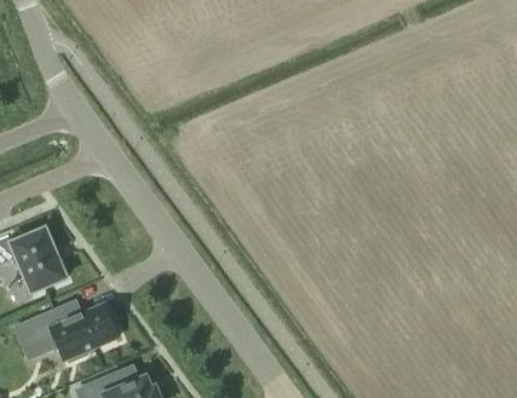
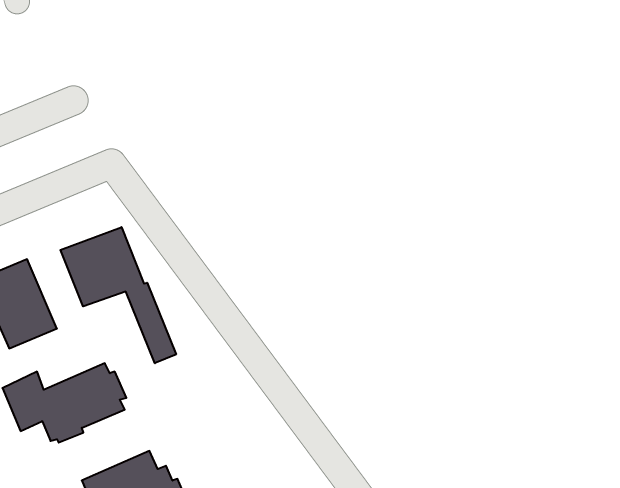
building: none -> [60,227,176,363]

